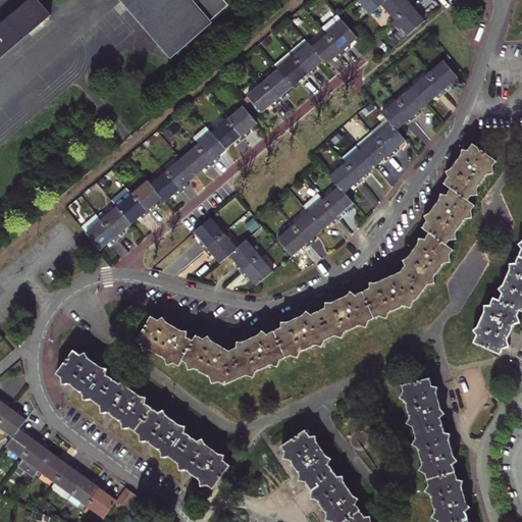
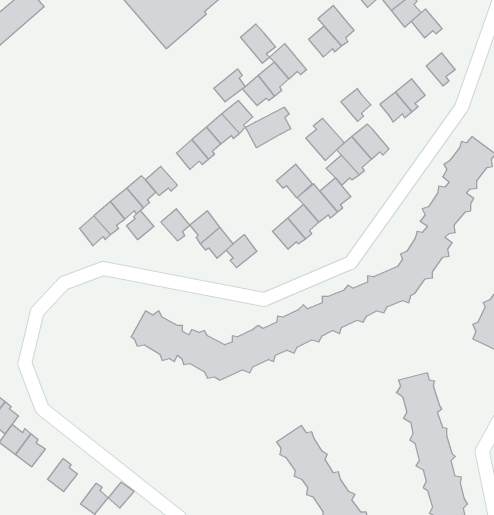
building: [288,38,322,76] -> [240,24,276,63]
building: [413,73,443,102] -> [411,9,442,38]
building: none -> [214,69,245,102]
building: none -> [246,107,291,148]
building: [374,122,404,155] -> [341,88,371,121]
building: none -> [306,118,344,160]
building: [165,159,194,191] -> [161,209,190,241]
building: none -> [276,164,312,198]
building: none -> [126,210,154,240]
building: [240,256,272,285] -> none
building: [56,352,229,489] -> none
building: [38,452,68,481] -> none
building: [69,476,101,506] -> none

